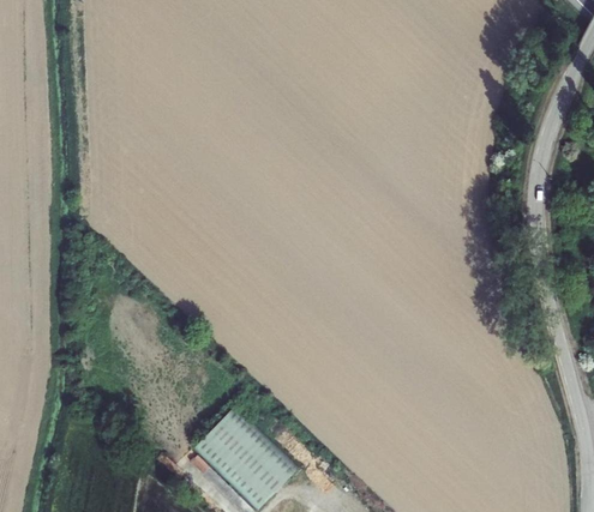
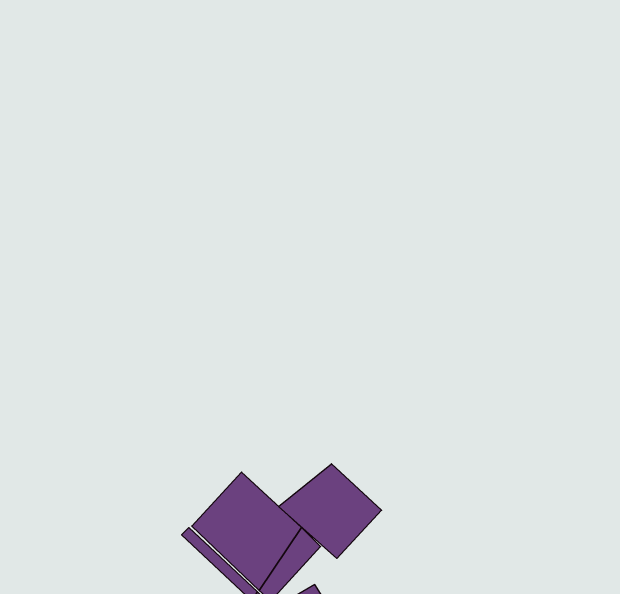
building: none -> [279,464,382,558]

